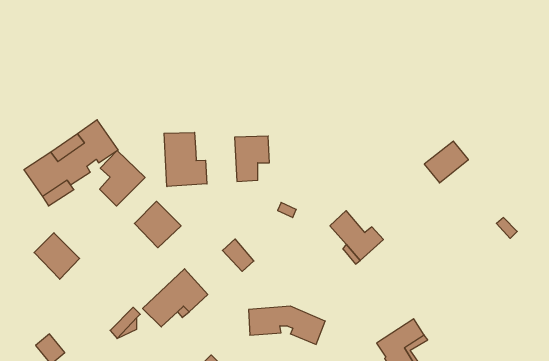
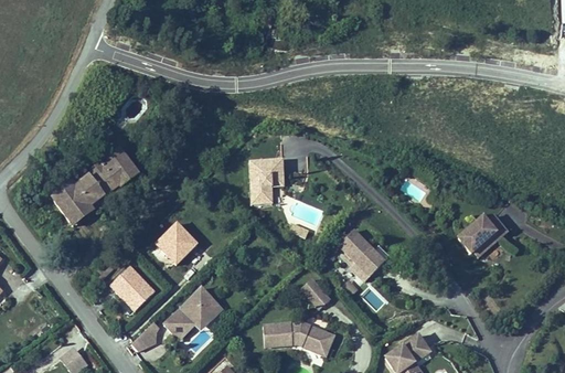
building: [164,132,207,187] -> none
building: [424,141,468,183] -> [457,214,499,254]
building: [100,151,145,206] -> none
building: [34,233,80,279] -> [111,266,154,310]
building: [222,239,254,271] -> [300,278,330,309]

